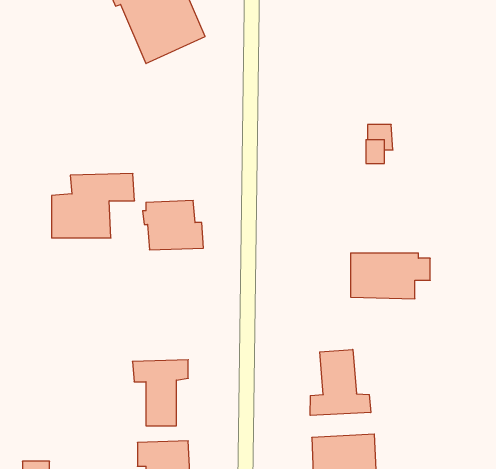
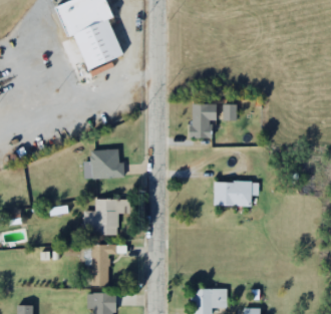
building: none -> [189,102,218,138]
building: [52,174,135,238] -> [84,198,133,236]
building: [310,349,371,415] -> none

